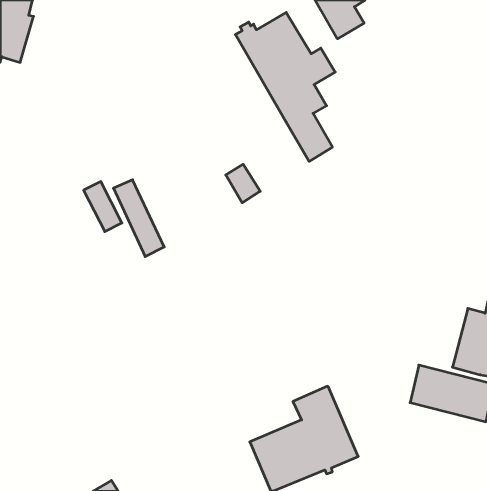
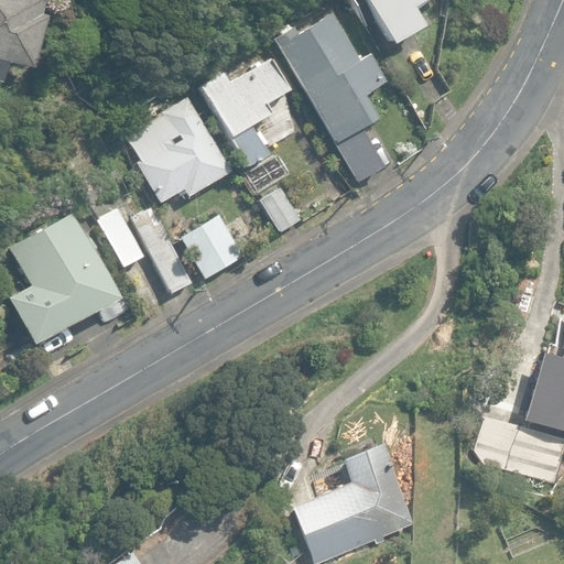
building: none -> [200,58,291,167]
building: none -> [128,97,232,203]
building: none -> [183,215,245,279]
building: none -> [9,216,115,318]

